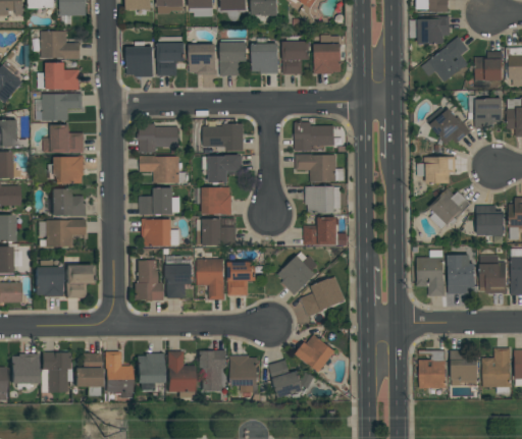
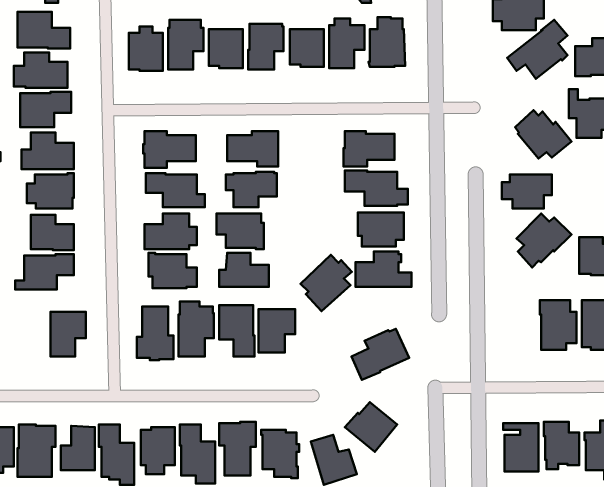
building: [416,250,445,296] -> none
building: [277,252,317,295] -> [301,255,352,311]
building: [34,260,62,296] -> none

